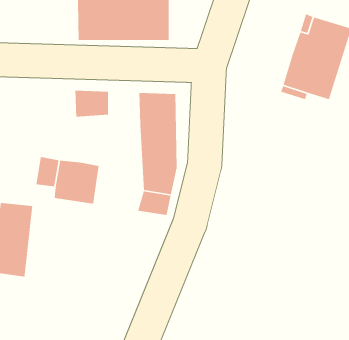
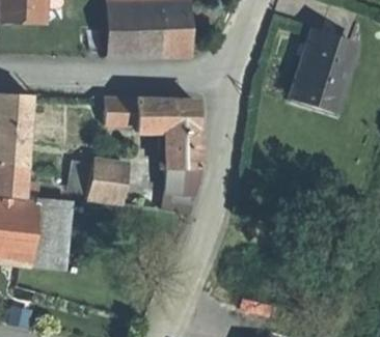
building: none -> [136,100,164,130]

